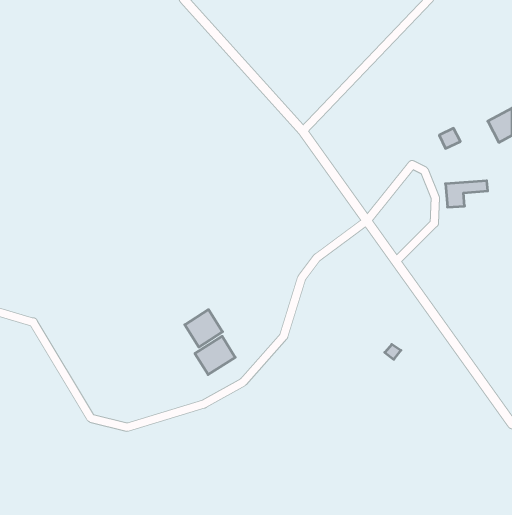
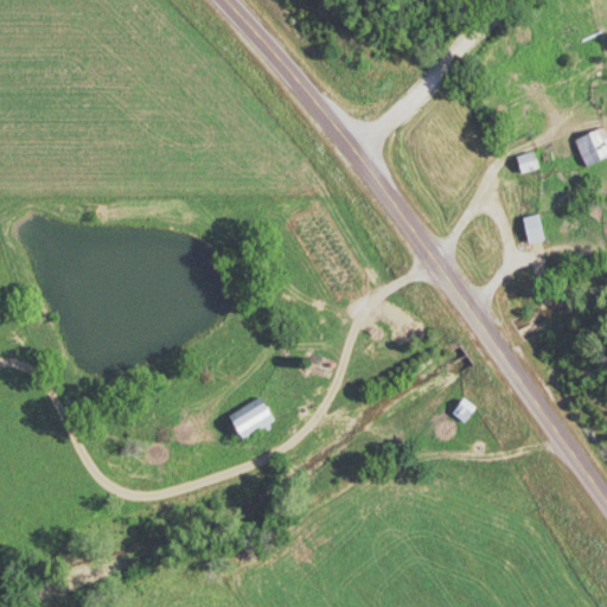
building: [185,310,223,347] -> none

